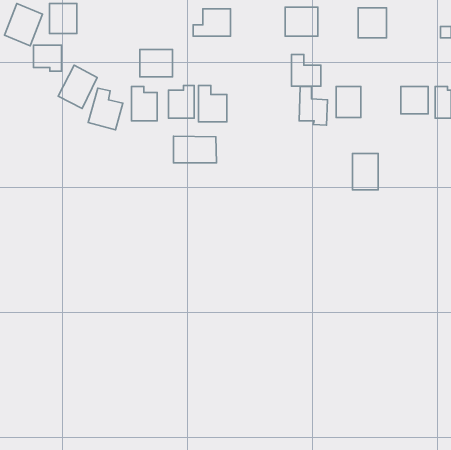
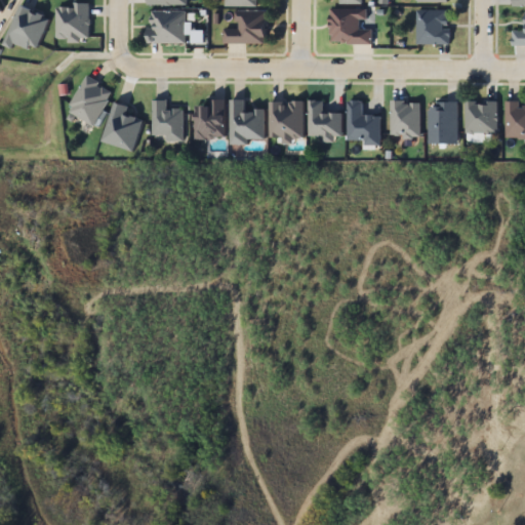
building: [34,45,61,71] -> none
building: [140,49,173,77] -> [149,10,187,42]
building: [292,54,321,86] -> [309,100,342,137]
building: none -> [270,100,302,137]
building: [173,136,216,163] -> none
building: [352,154,378,190] -> [428,102,457,144]

